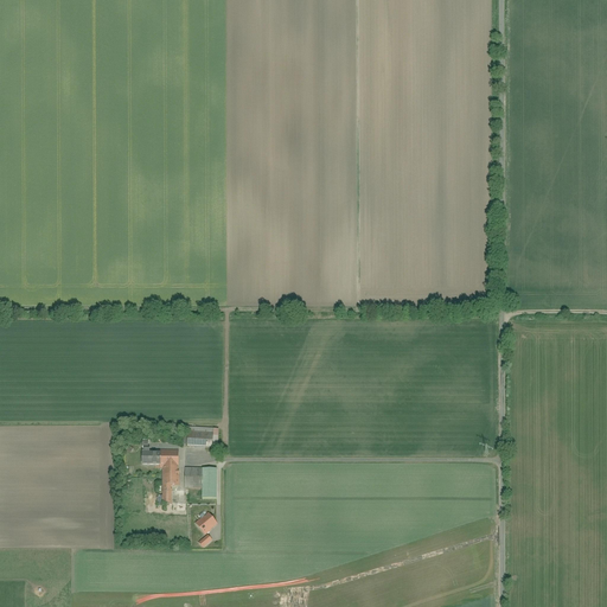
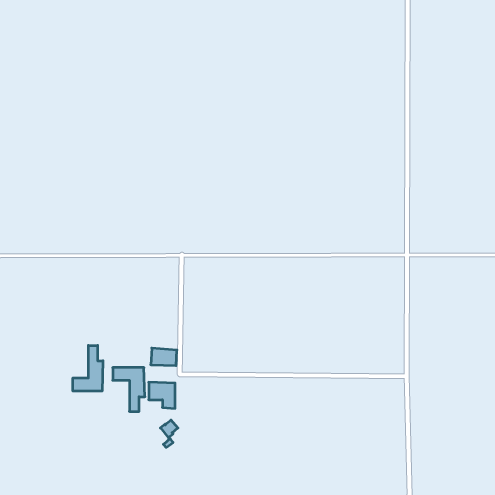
building: none -> [73,345,103,391]

